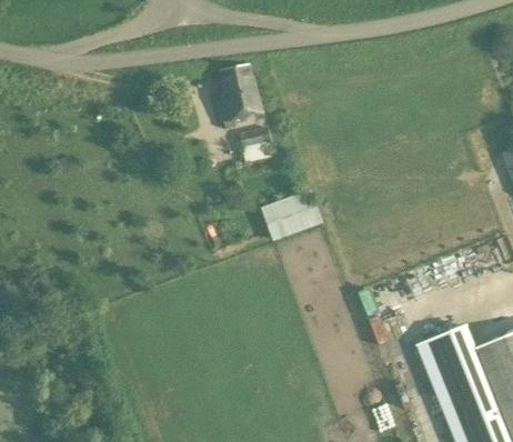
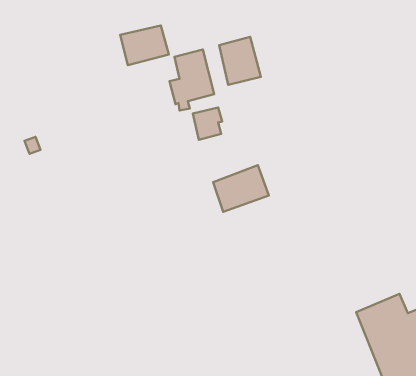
building: none -> [120,25,169,65]
building: none -> [219,37,261,85]

